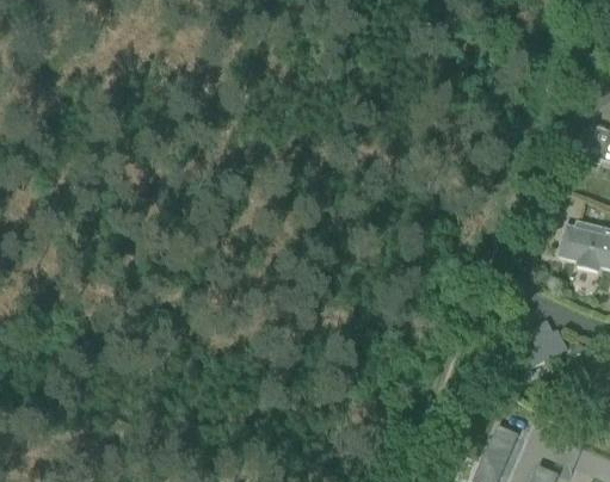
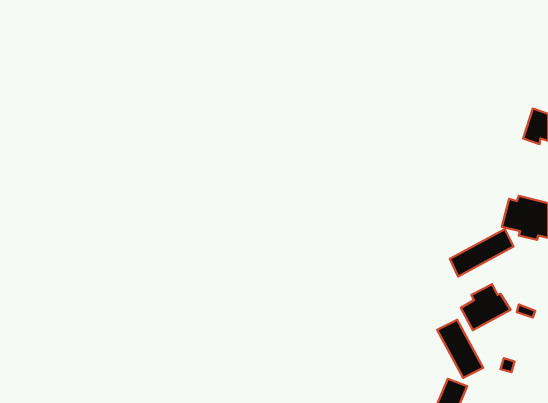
building: none -> [450,229,513,276]
building: none -> [437,320,483,378]

